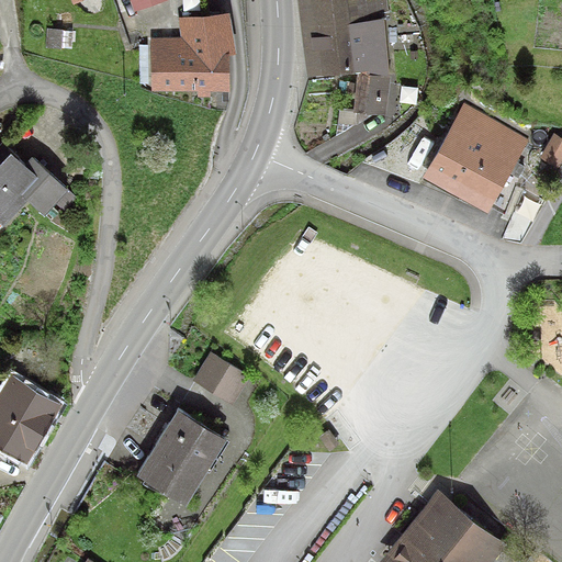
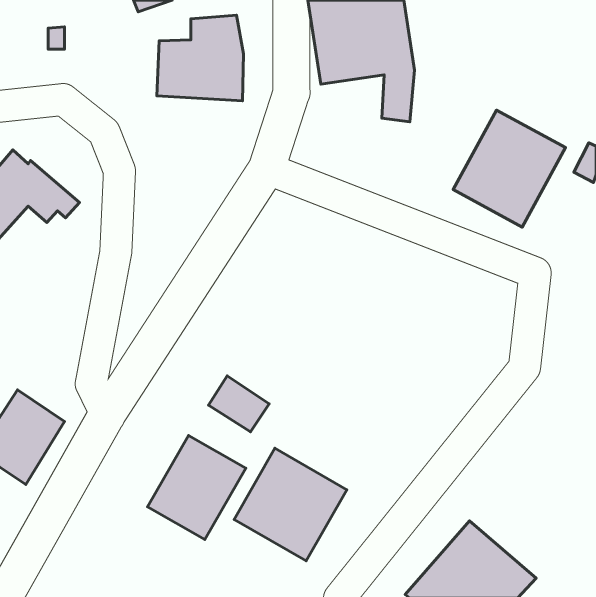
building: none -> [234,448,347,561]

